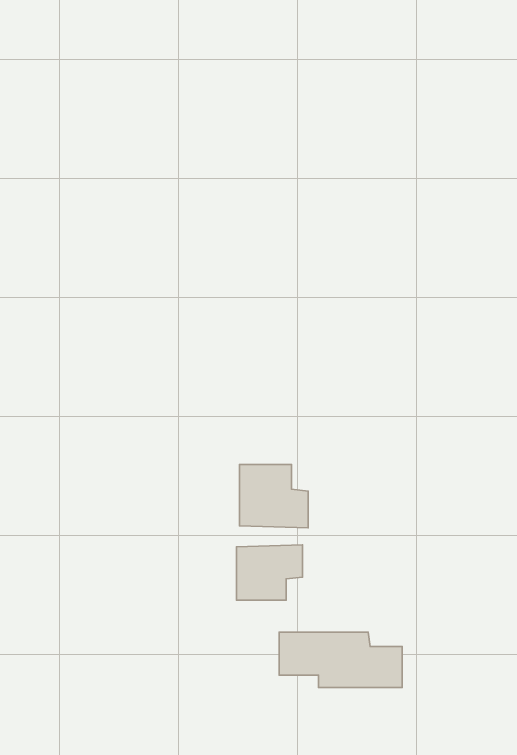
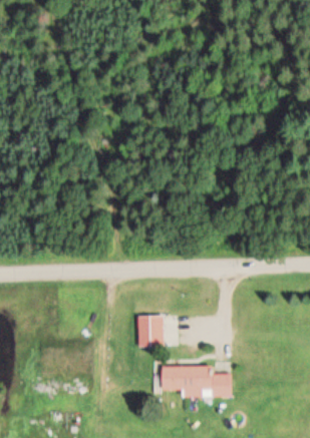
building: [239,464,308,528] -> none

